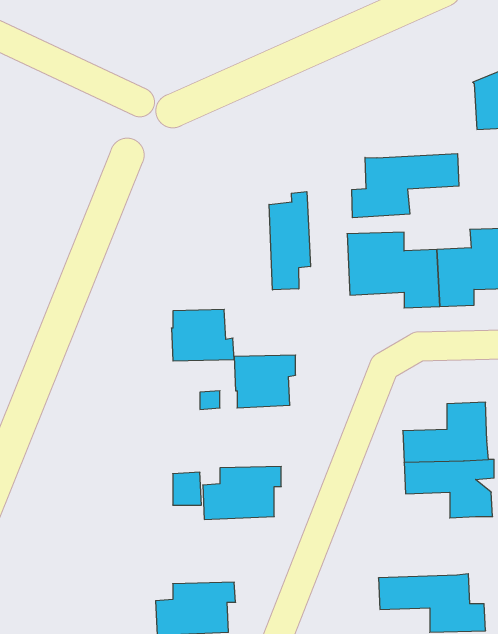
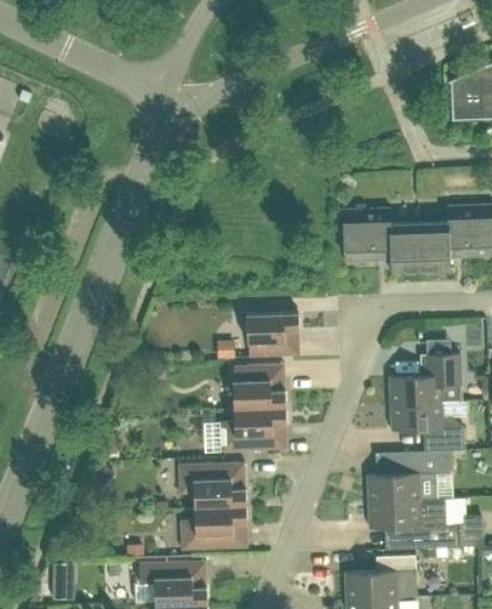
building: [352,154,459,218] -> none
building: [269,192,310,290] -> none
building: [171,309,234,361] -> [233,364,286,408]
building: none -> [367,449,452,501]
building: none -> [178,462,246,506]

